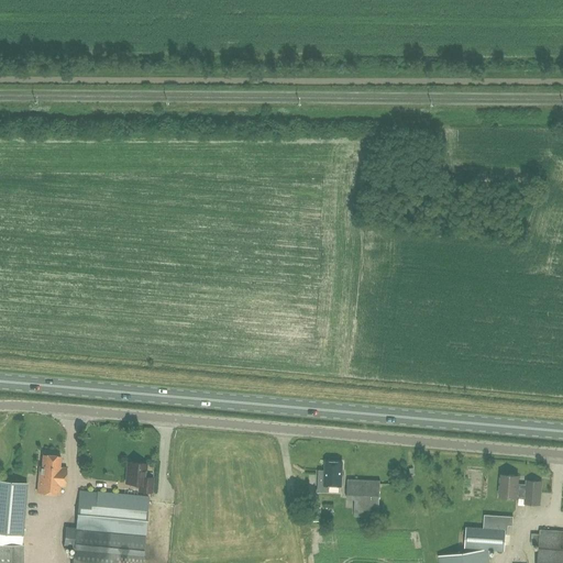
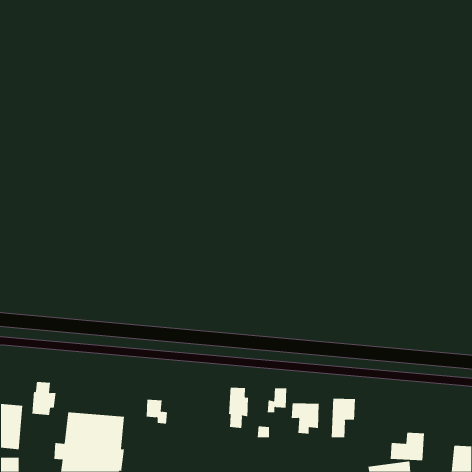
building: none -> [228,387,248,429]
building: [126,462,153,492] -> [146,399,168,424]
building: none -> [331,398,355,438]
building: [499,474,541,505] -> none

